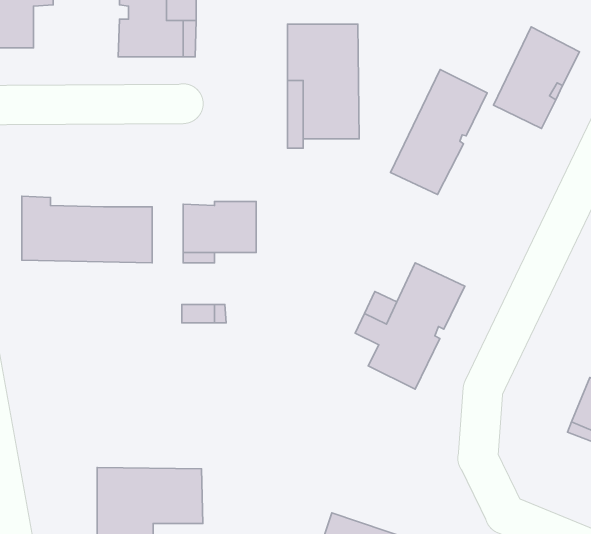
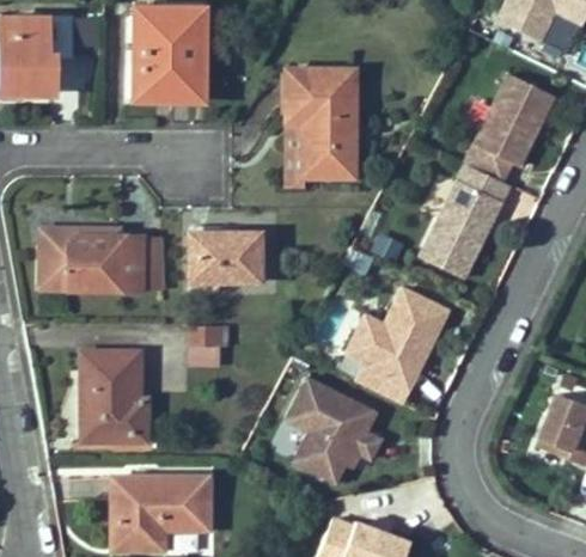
building: [391,70,487,195] -> [423,163,512,277]
building: none -> [83,350,148,439]
building: none -> [279,377,381,489]

